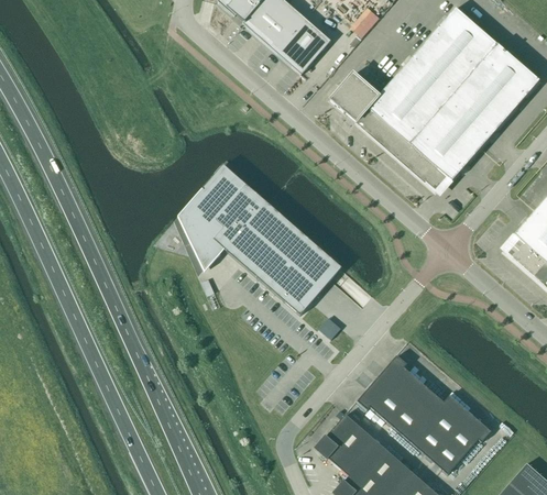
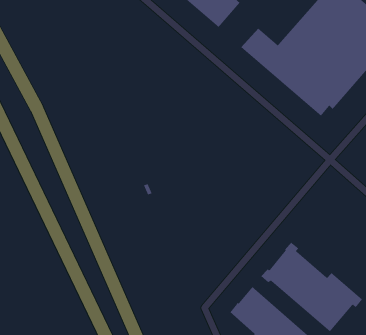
building: [185,163,341,314] -> none

